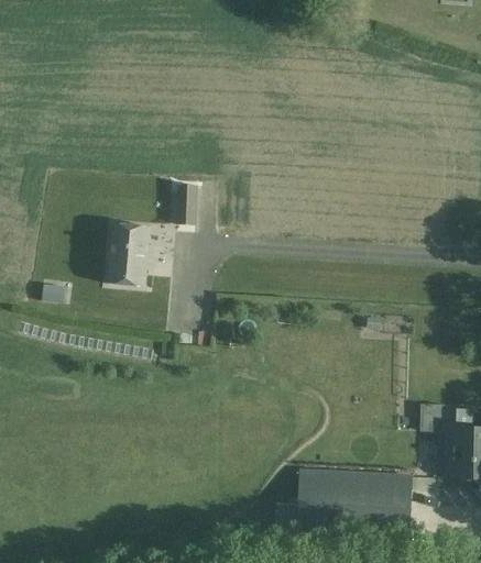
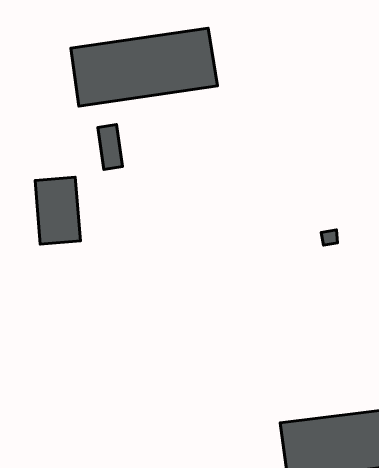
building: none -> [71,28,218,106]

